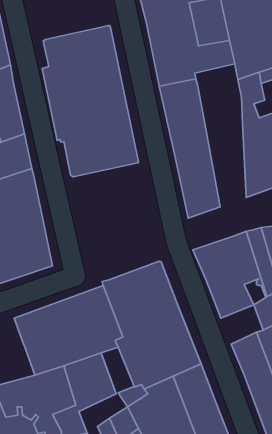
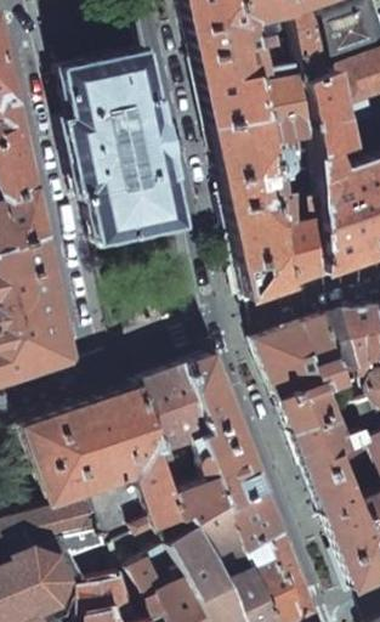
building: none -> [261,98,328,284]
building: none -> [295,412,350,463]
building: none -> [140,466,182,527]

